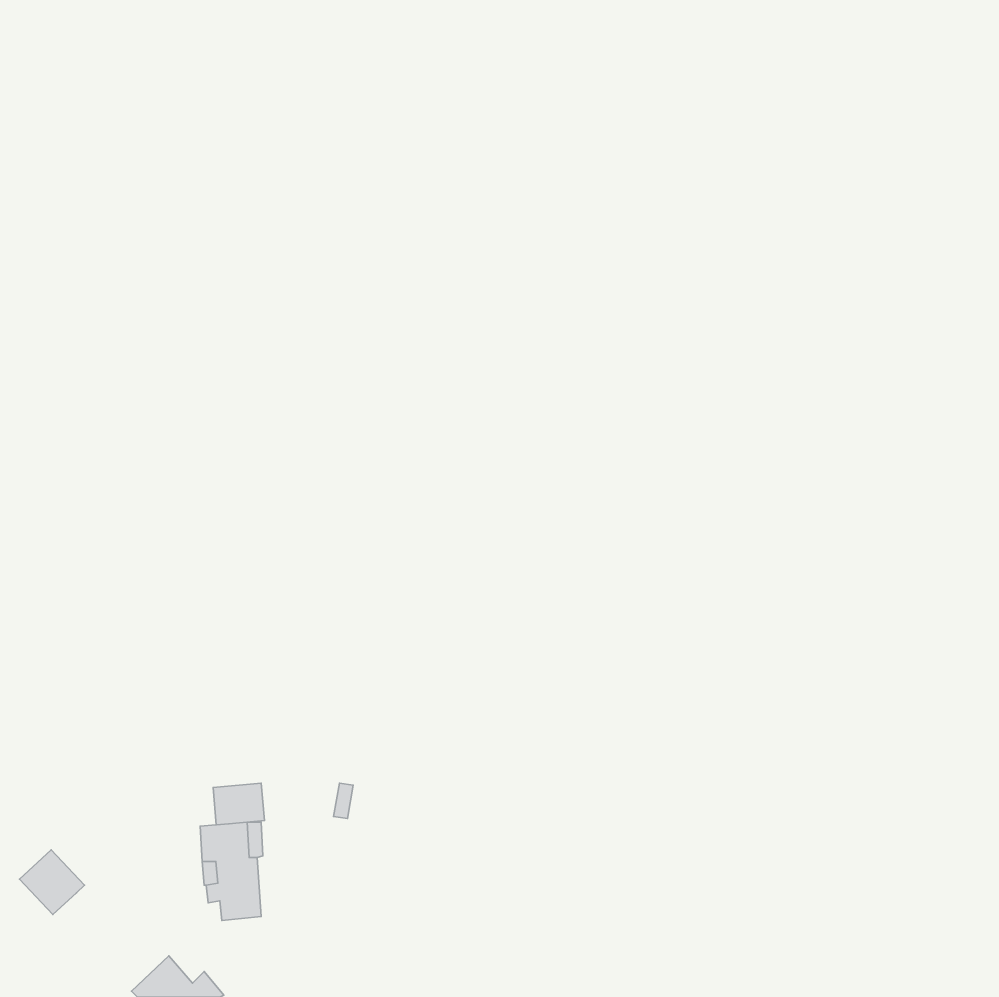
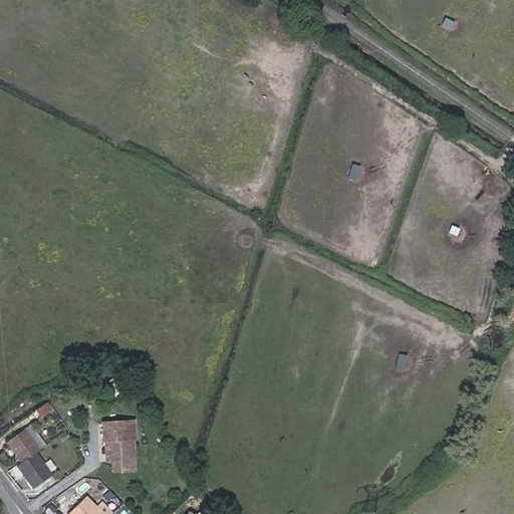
building: [213,783,264,825] -> none
building: none -> [23,457,58,493]

